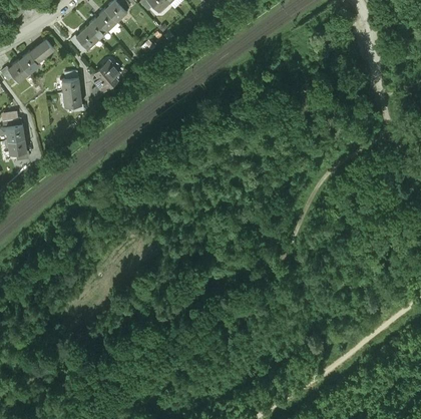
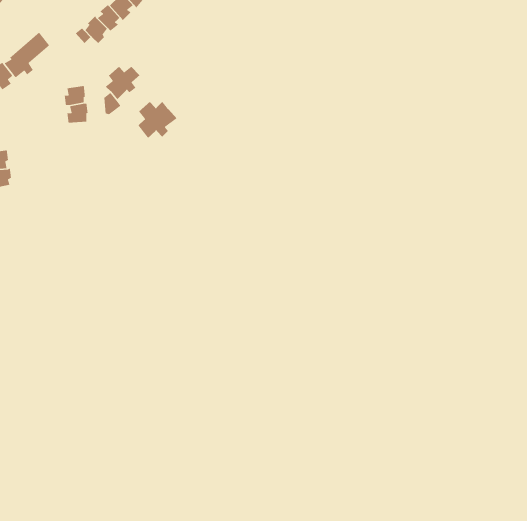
building: none -> [137,101,177,139]

